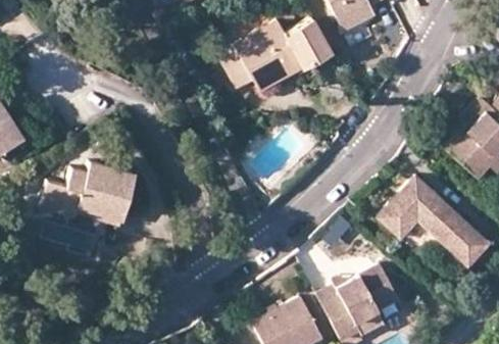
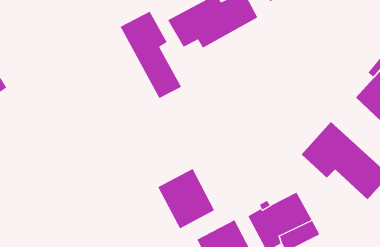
building: none -> [120,11,182,99]
building: [51,166,142,244] -> none
building: none -> [158,168,215,229]

